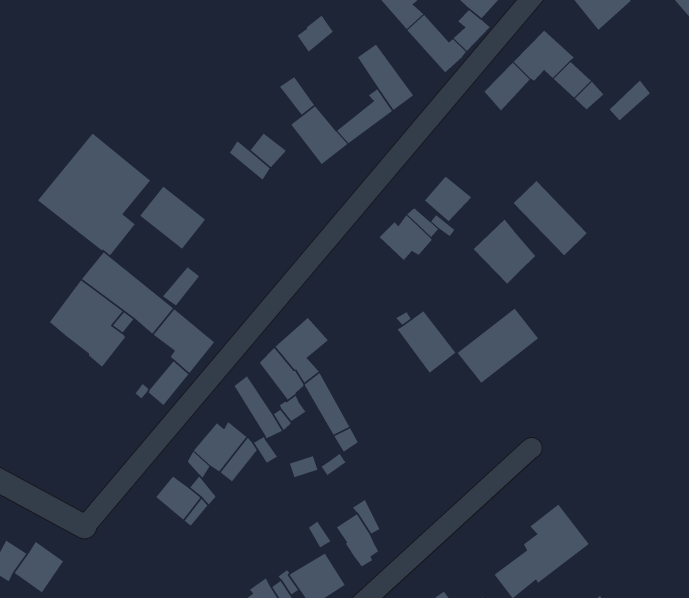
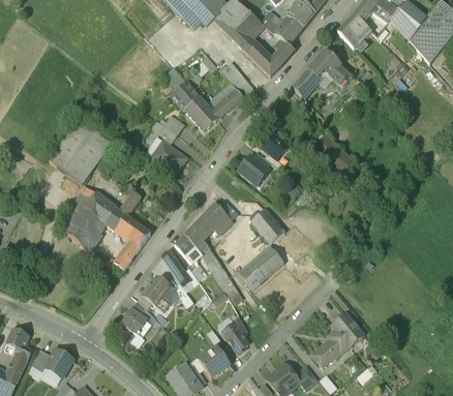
building: [139,185,206,250] -> [150,140,187,175]
building: [473,218,536,284] -> none
building: none -> [201,200,237,233]
building: [457,308,539,384] -> [238,245,283,288]

